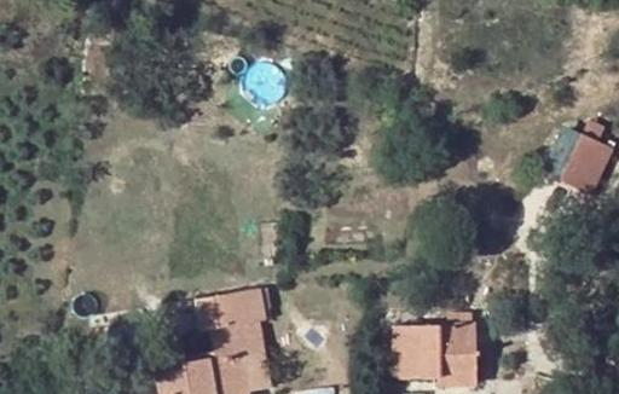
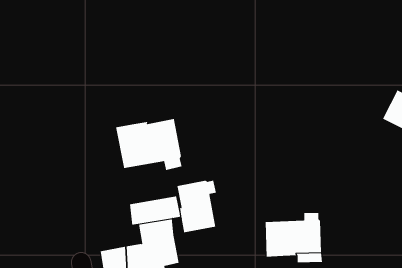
building: none -> [116,118,182,171]
building: none -> [177,180,217,233]

